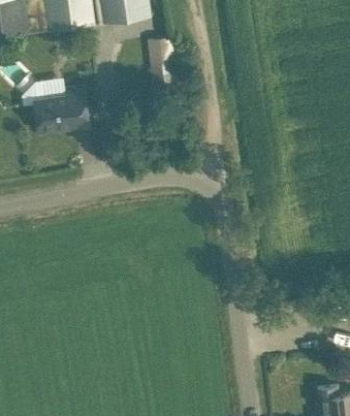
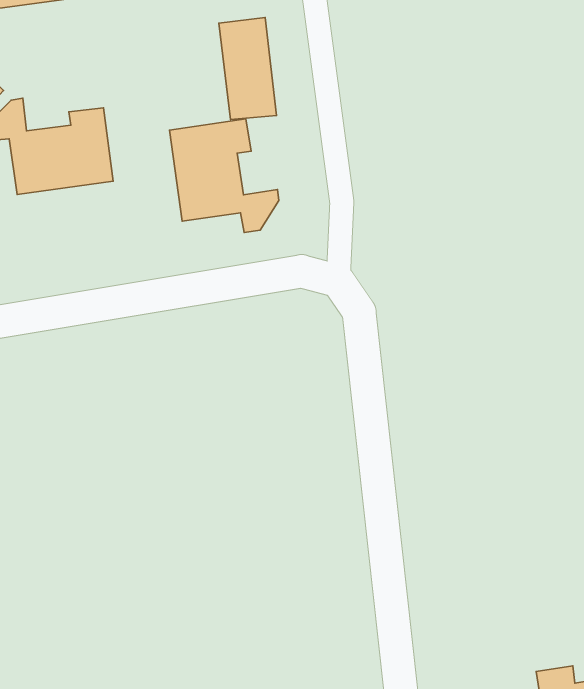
building: none -> [169,119,279,232]

